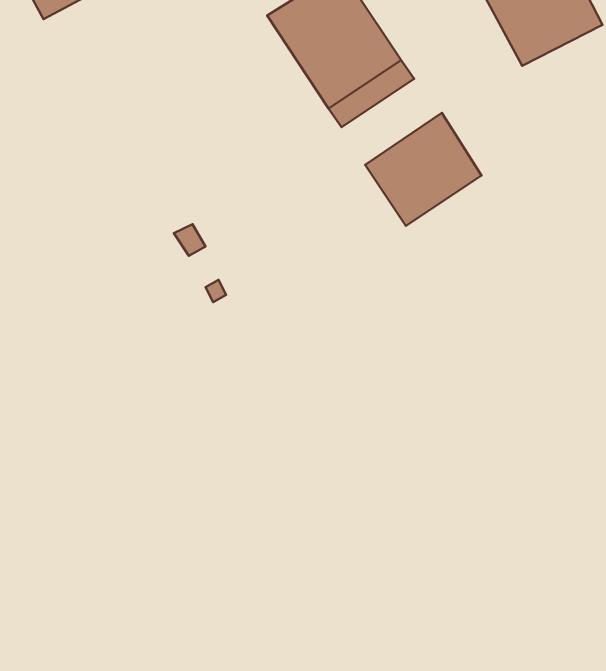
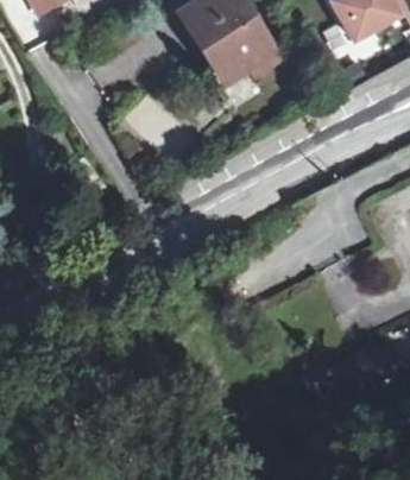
building: [365,113,481,226] -> none

